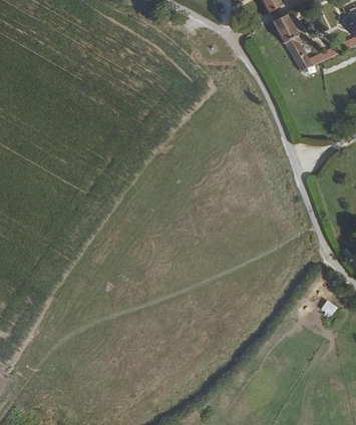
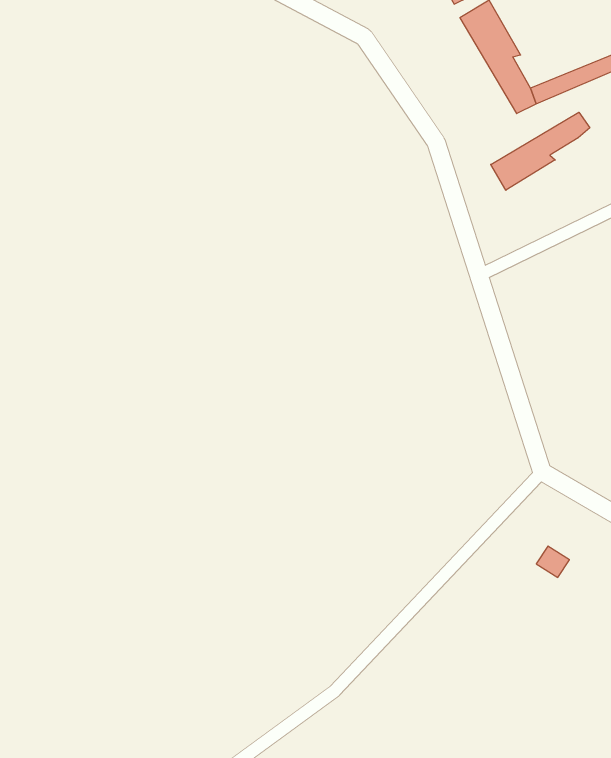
building: none -> [491,112,590,190]

